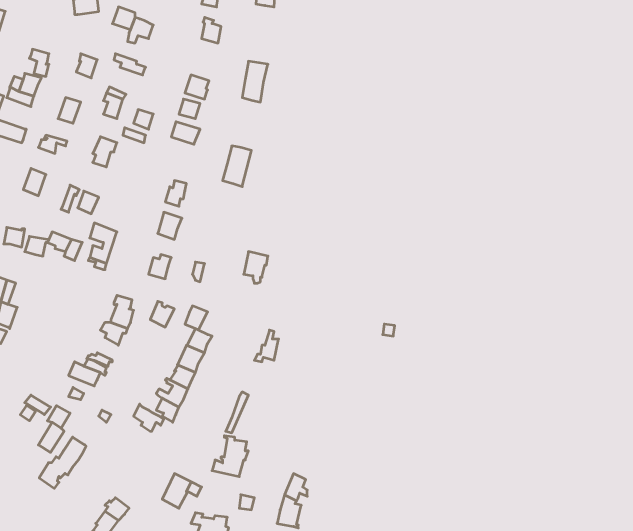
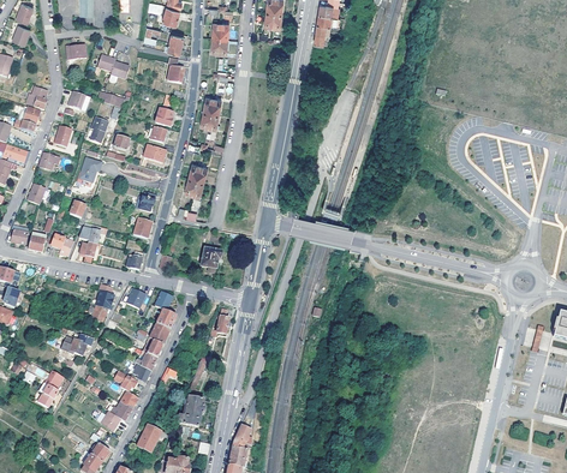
building: [39,437,86,488] -> [101,391,138,432]

